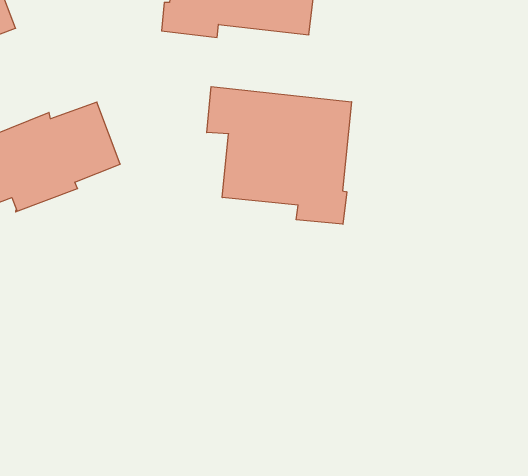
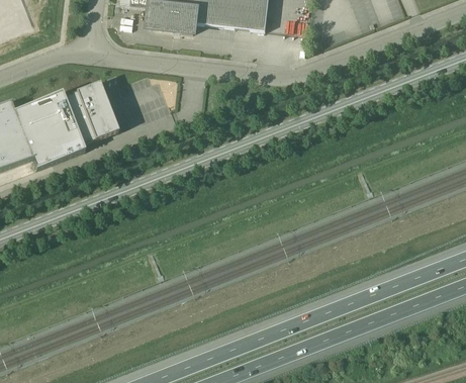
building: [207,87,352,224] -> none

